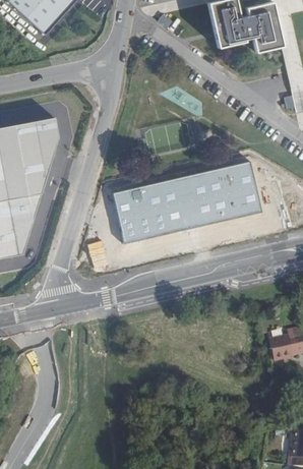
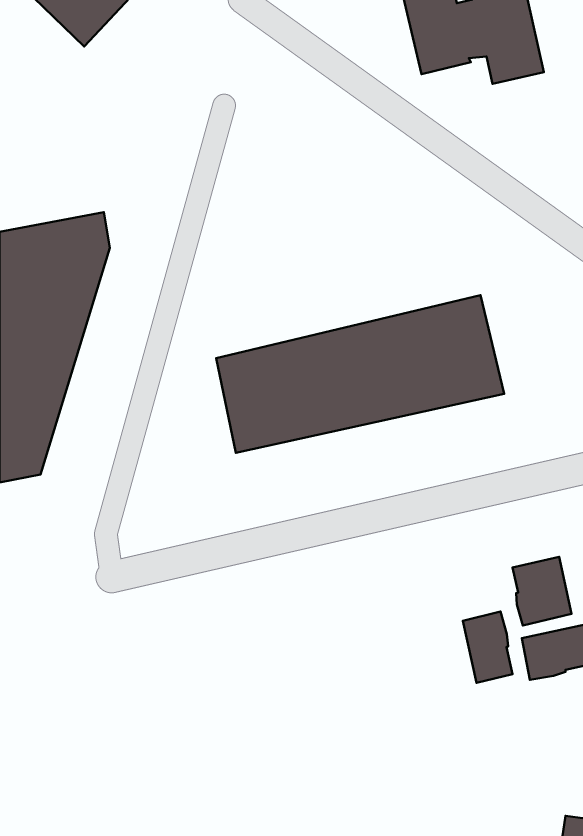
building: none -> [513,557,572,625]
building: none -> [463,611,513,683]

